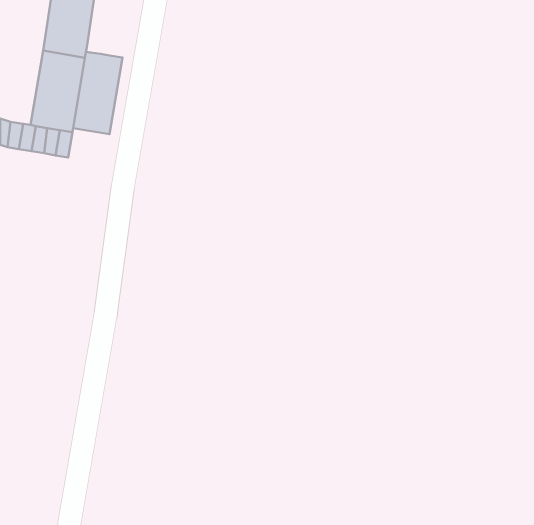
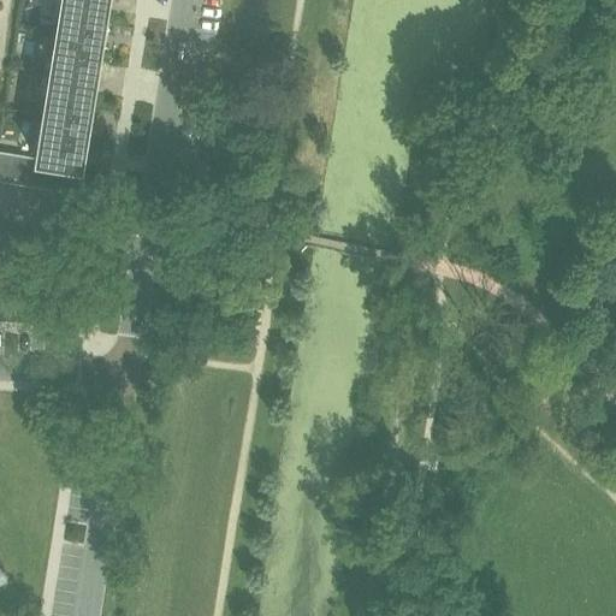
building: [73,52,122,134] -> none

